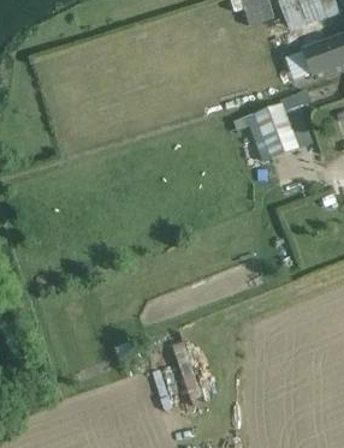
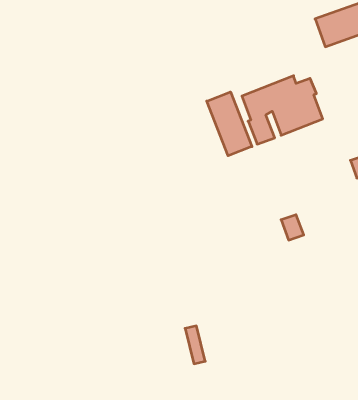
building: none -> [207,92,252,156]

